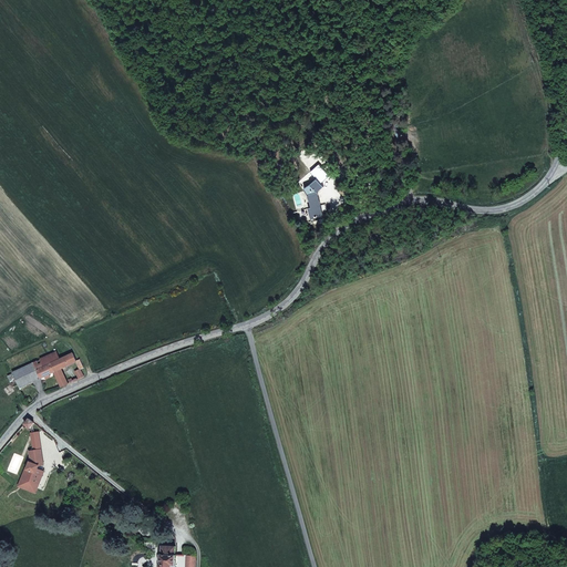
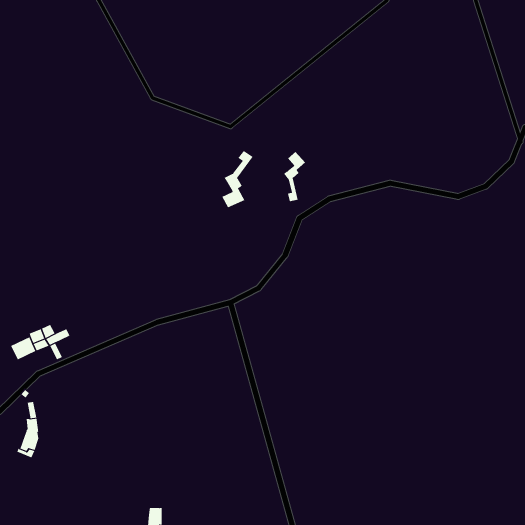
building: none -> [221,150,254,208]

